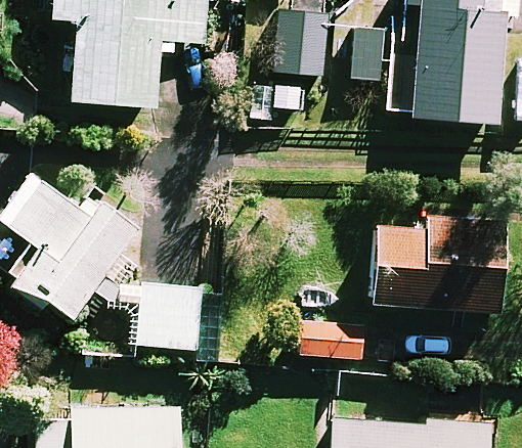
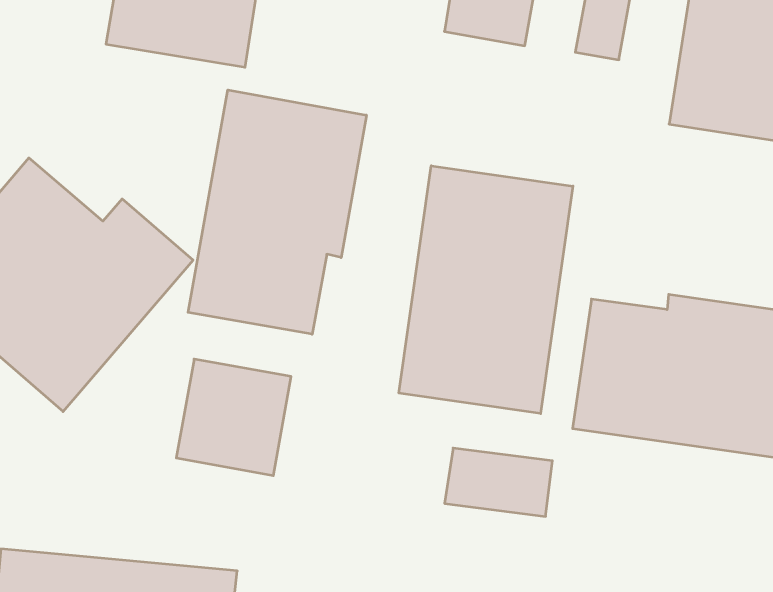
building: none -> [188,90,366,334]
building: none -> [399,166,573,414]

